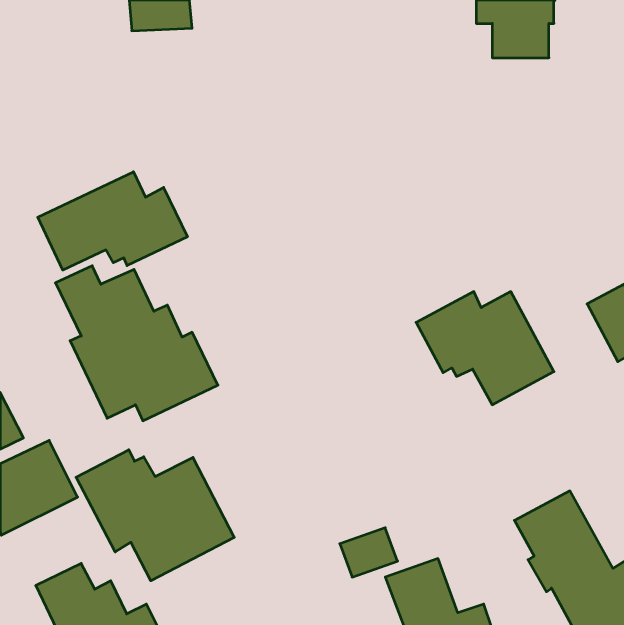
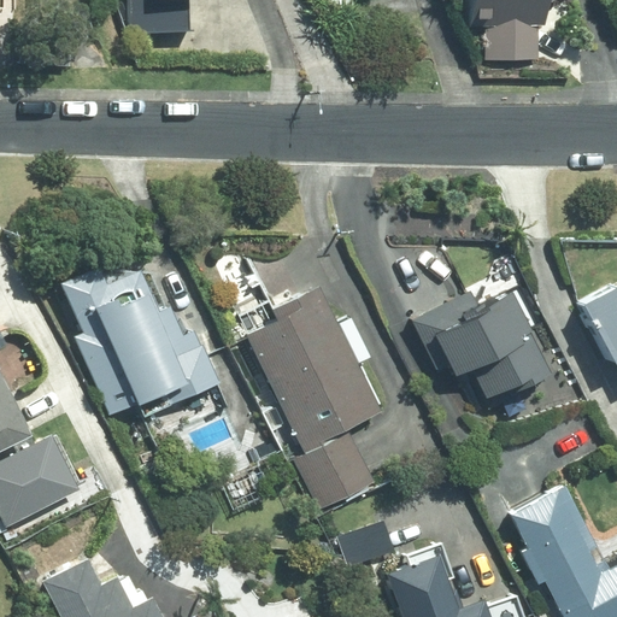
building: [38,172,187,270] -> none
building: none -> [243,280,382,510]
building: [76,450,234,581] -> none

